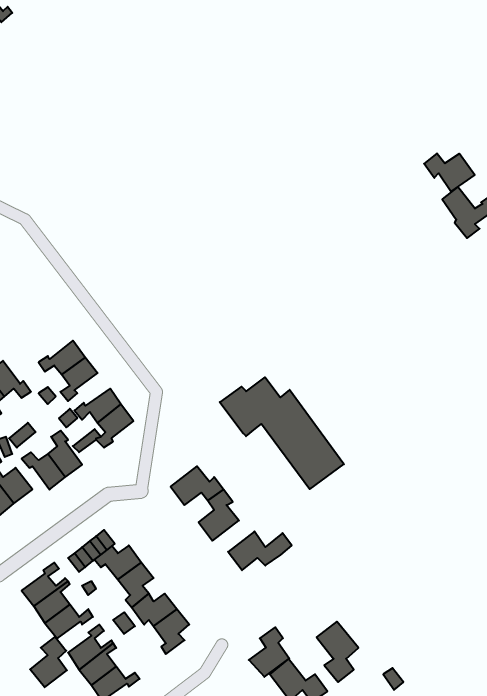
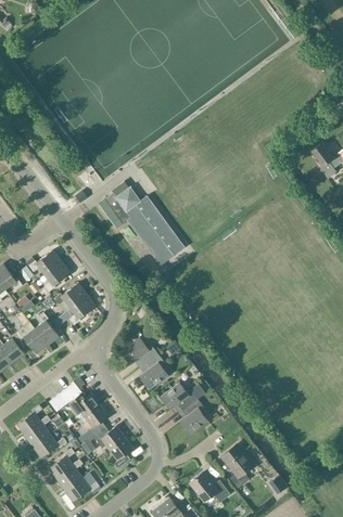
building: [424,153,475,192] -> none
building: [220,377,344,489] -> [98,186,185,264]
building: [249,627,289,677] -> [179,399,207,434]
building: [30,637,67,687] -> none

